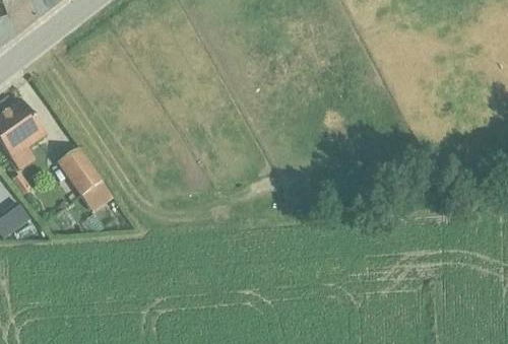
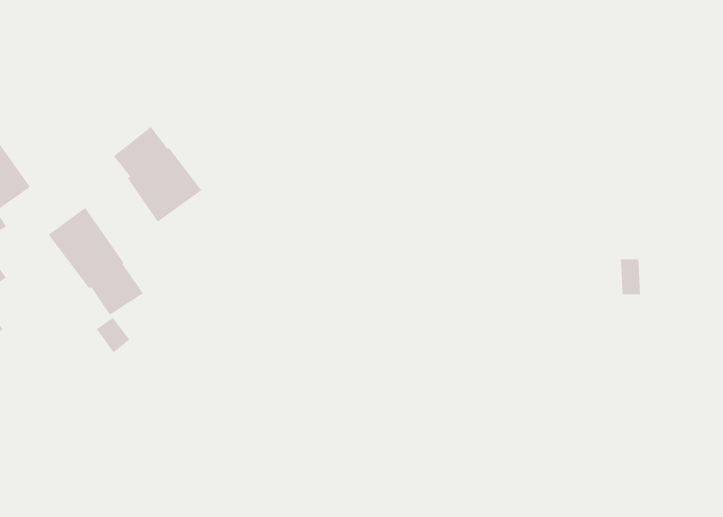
building: none -> [113,126,202,223]

